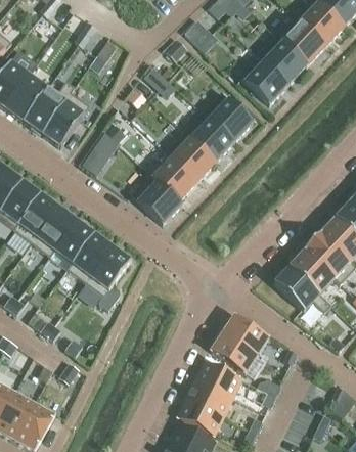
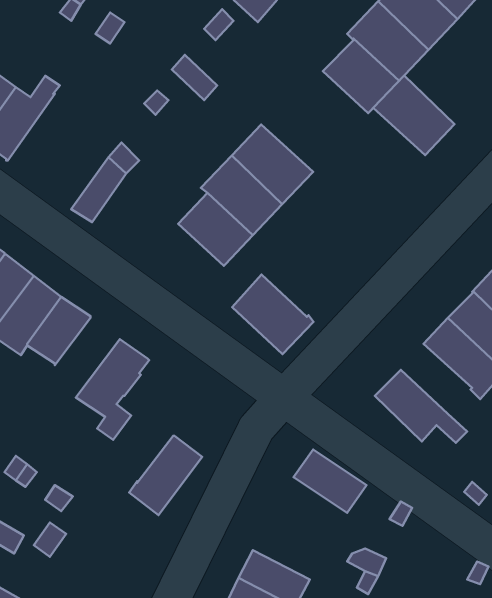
building: [202,92,253,142] -> [373,75,455,155]
building: [42,93,90,147] -> none
building: [131,175,182,225] -> [232,275,313,354]
building: [66,234,113,284] -> [129,436,202,515]
building: [290,251,335,295] -> none
building: [211,334,256,374] -> none
building: [196,362,241,399] -> none

